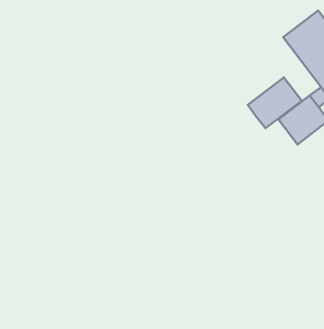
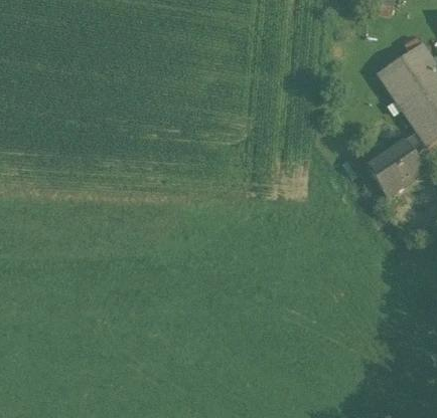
building: [248,78,302,128] -> none

